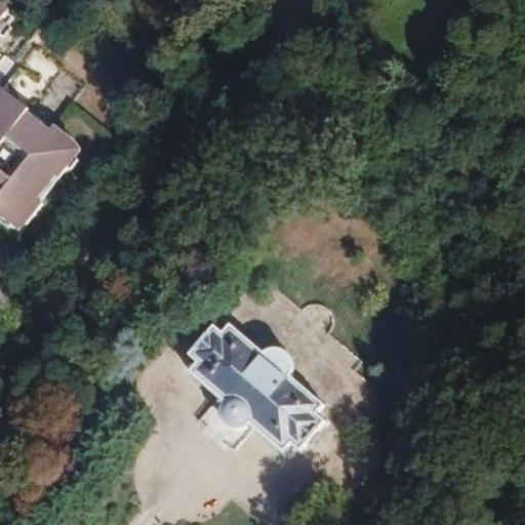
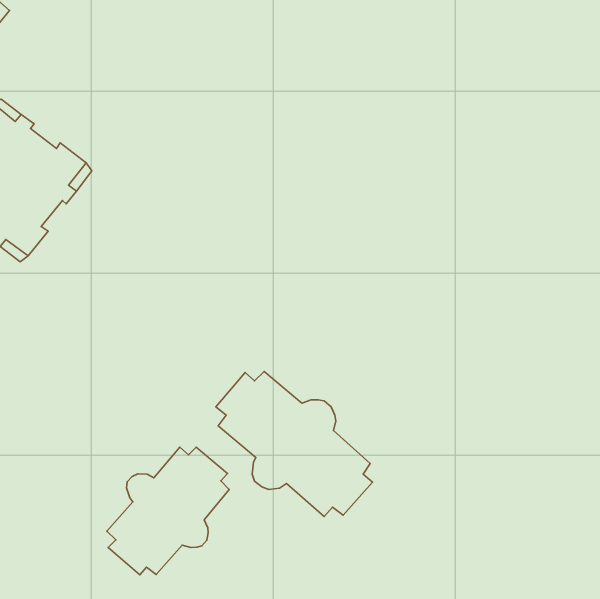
building: none -> [107,447,229,575]

